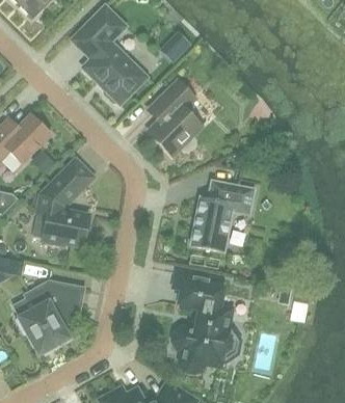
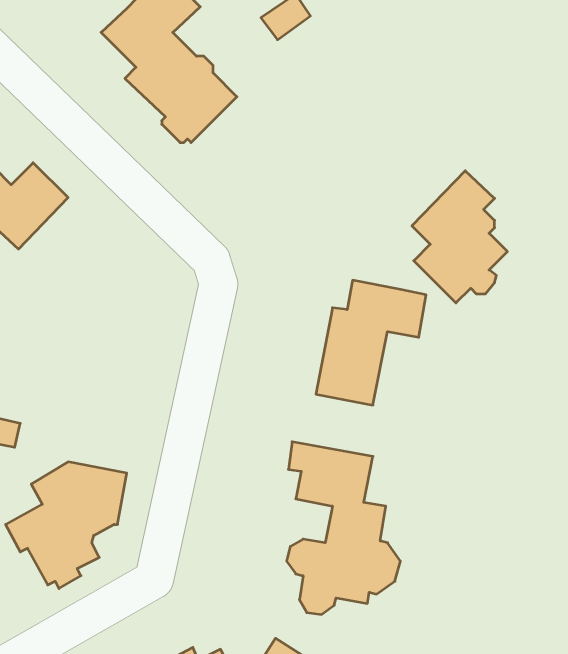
building: [147,80,201,155] -> [412,171,507,303]
building: [35,158,94,245] -> none

